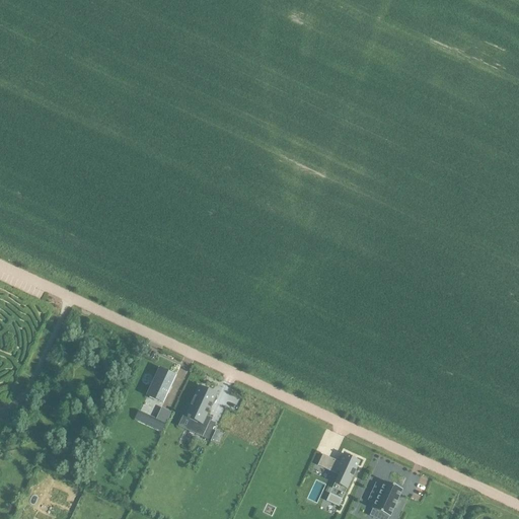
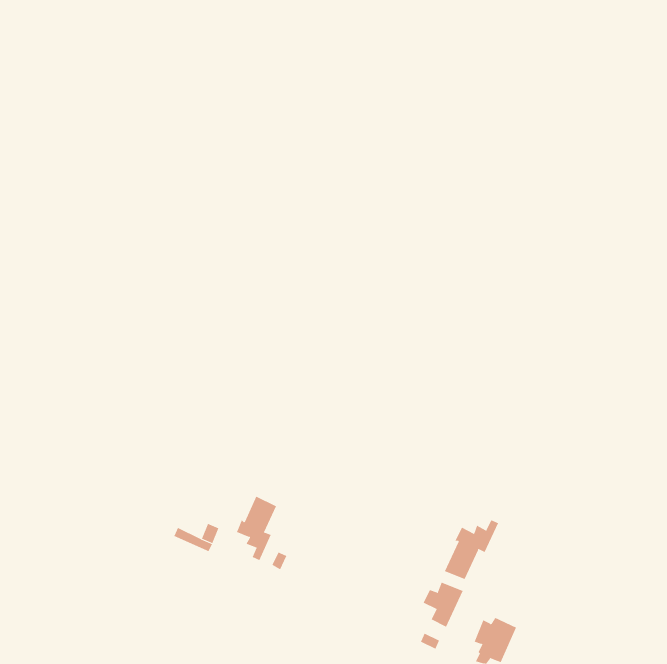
building: [147,367,174,400] -> none
building: none -> [444,520,499,580]

